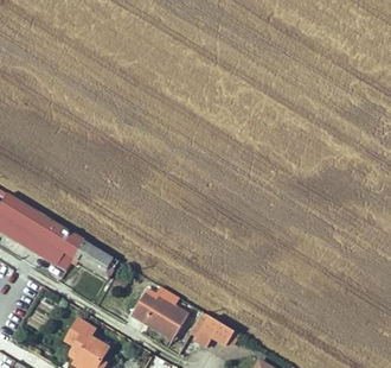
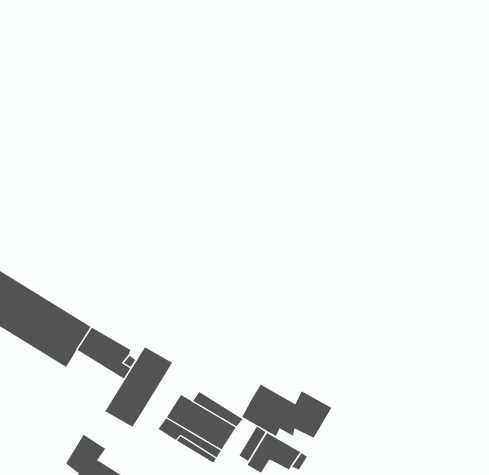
building: none -> [105,347,173,427]
building: none -> [242,384,332,438]

